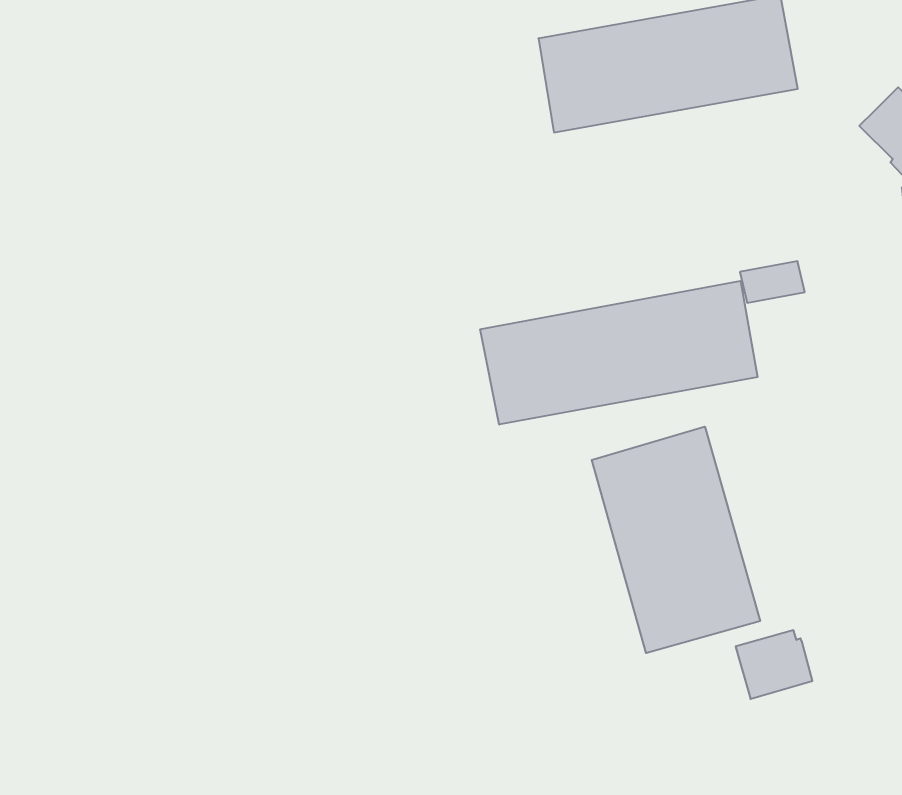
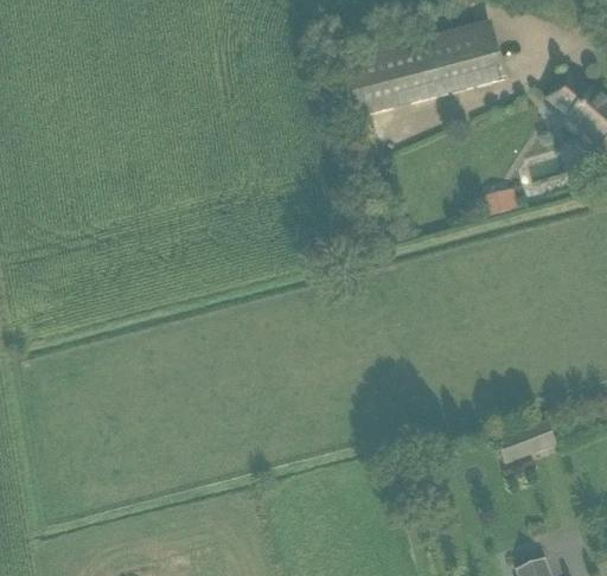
building: [480,281,758,425] -> none
building: [592,427,760,653] -> none

